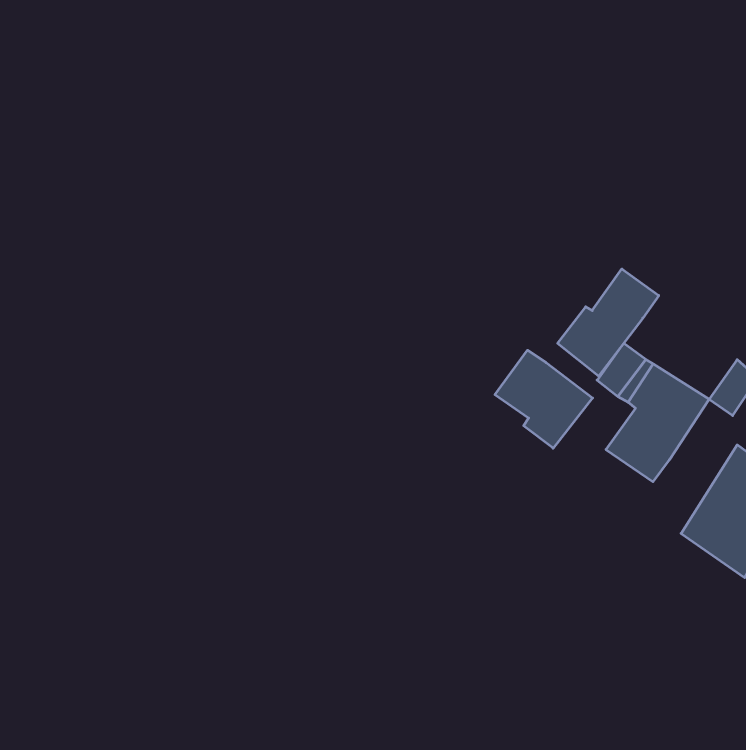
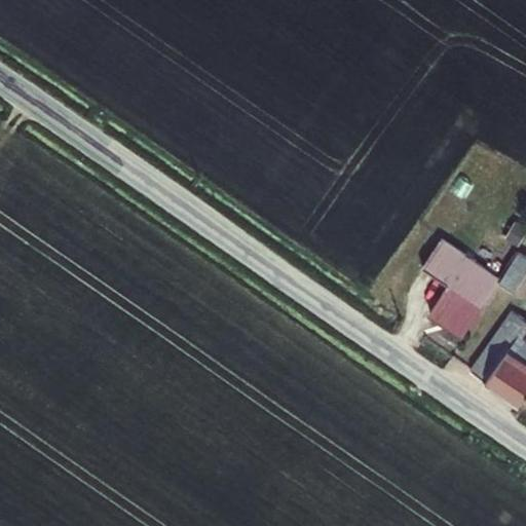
building: [558,269,659,376] -> none
building: [495,350,593,448] -> none

